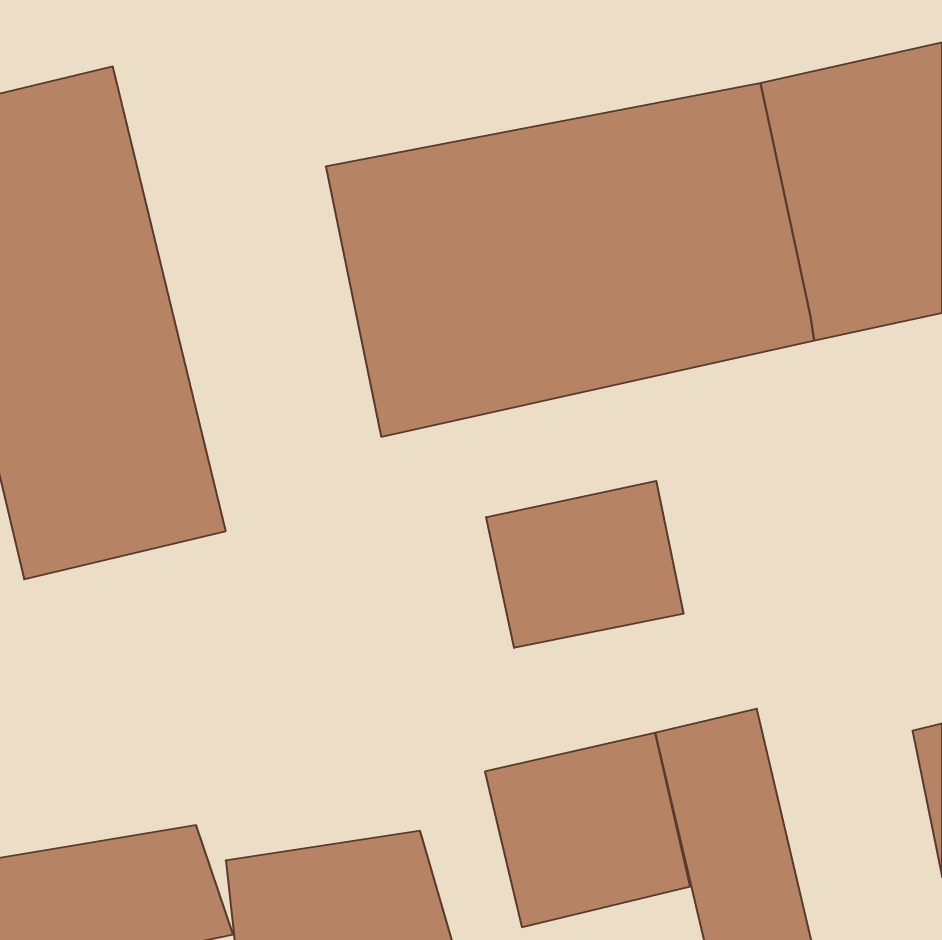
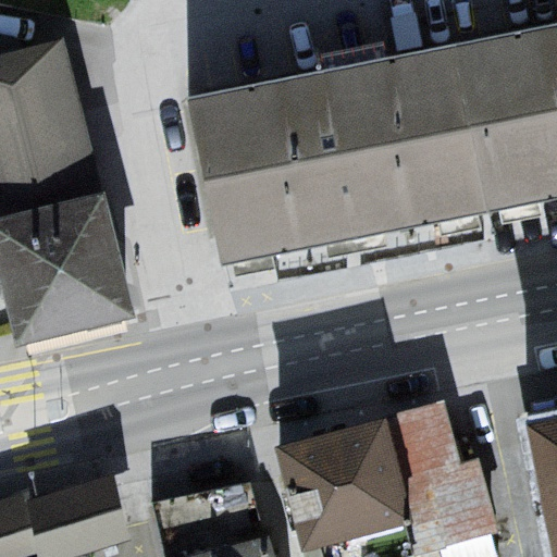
building: [486,481,683,648] -> none

